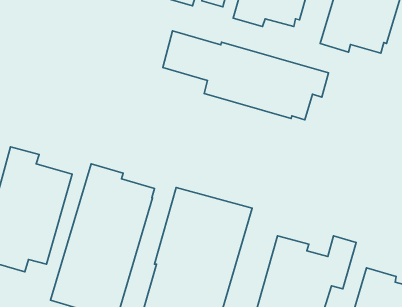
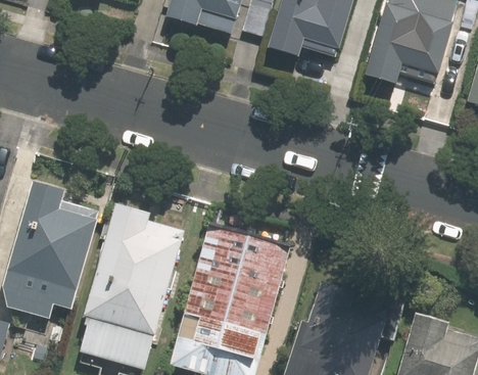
building: [163,31,329,120] -> none

